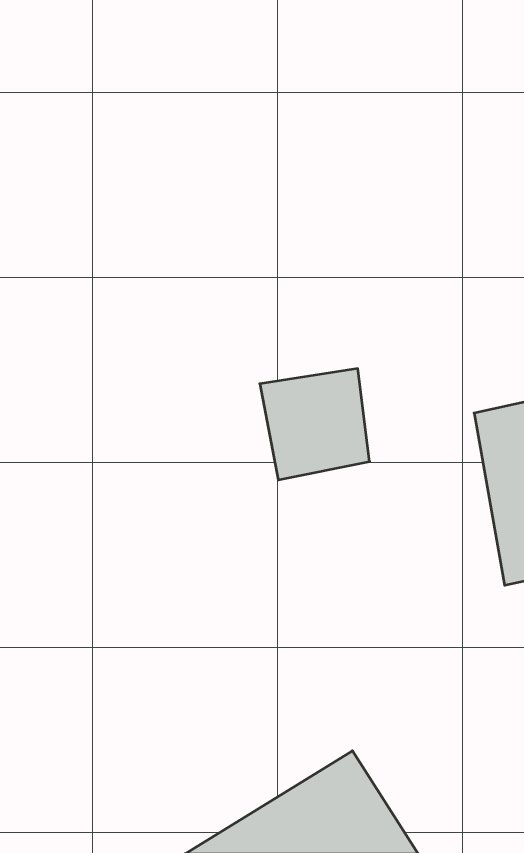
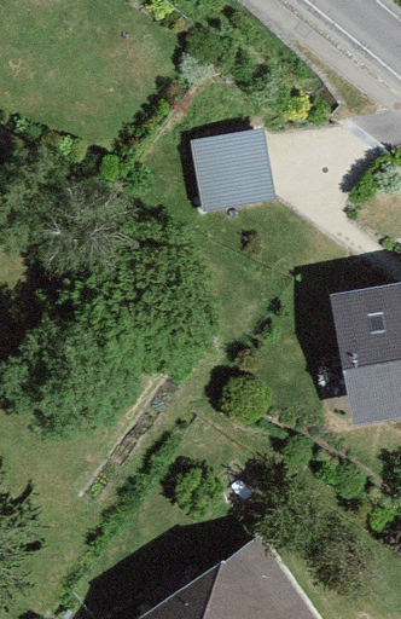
building: [260,369,370,480] -> [194,128,273,208]

